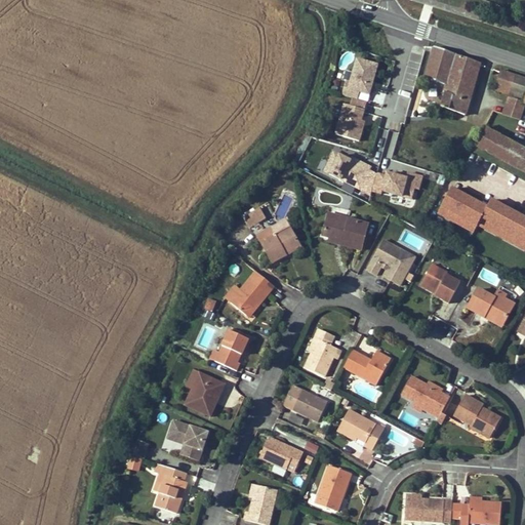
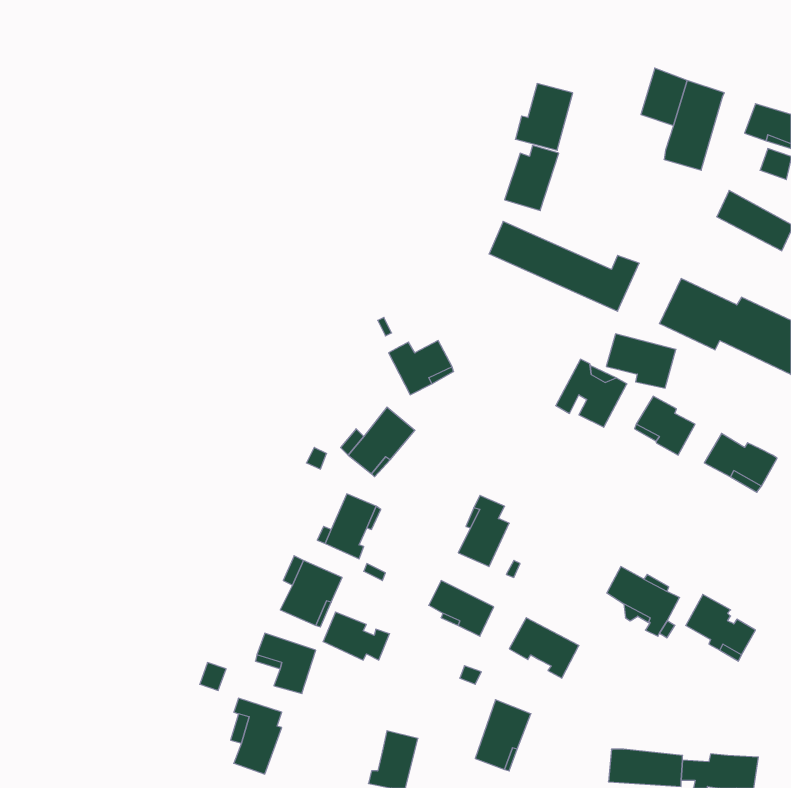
building: [322,212,368,248] -> [606,334,676,388]
building: [344,349,392,385] -> none
building: [259,437,304,469] -> [323,612,390,660]

